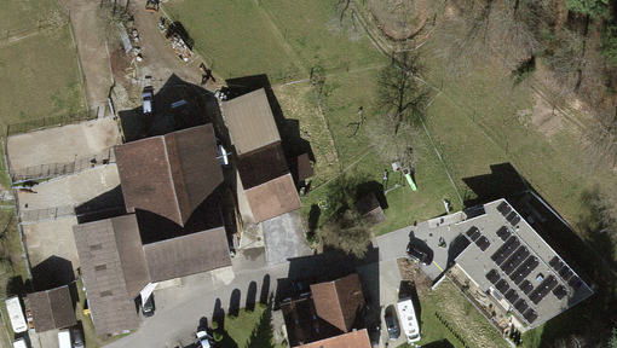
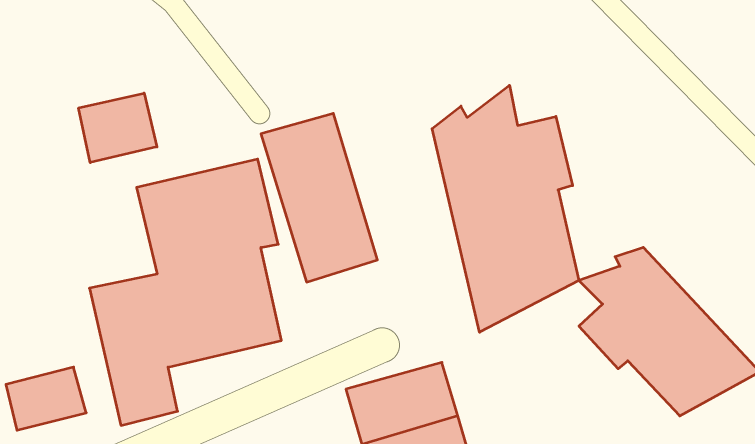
building: none -> [432,85,579,332]
building: none -> [79,93,157,163]

